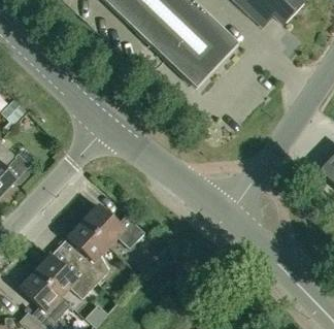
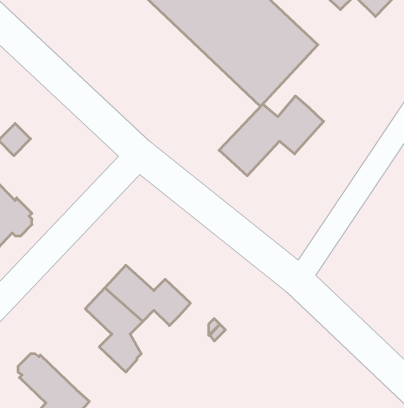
building: none -> [219,96,324,176]
building: [35,254,98,297] -> none

